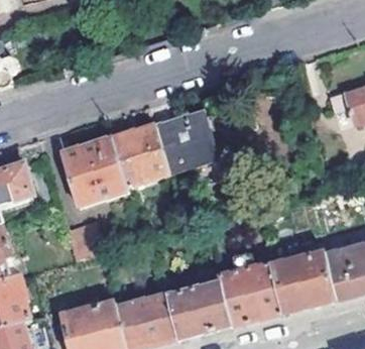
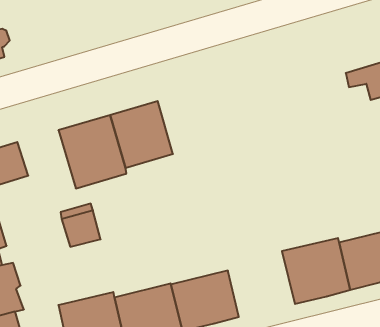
building: [154,109,216,171] -> none
building: [218,260,282,324] -> none

